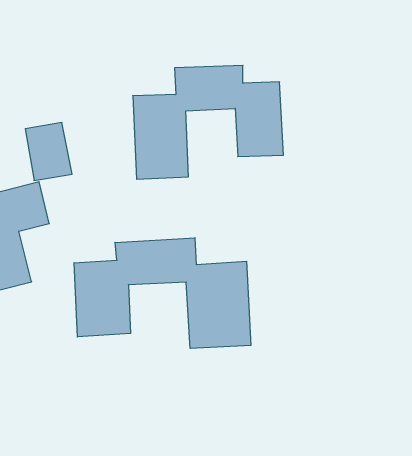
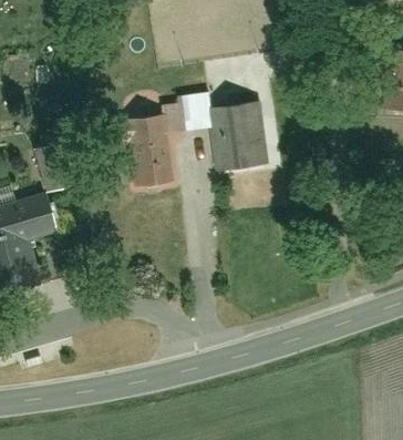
building: [74,238,251,348] -> none

